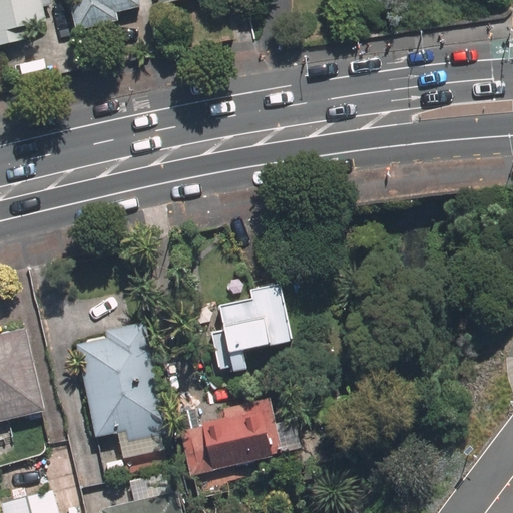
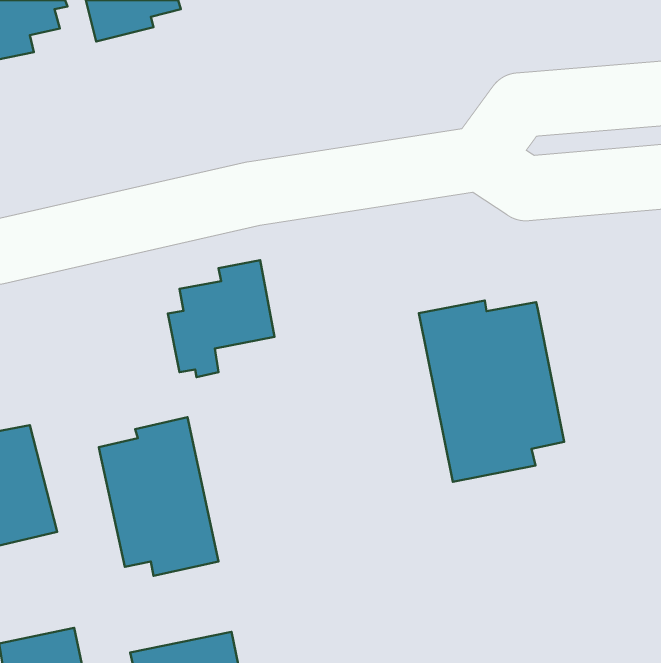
building: none -> [419,300,564,482]
building: [208,284,291,374] -> [168,260,275,377]
building: [178,393,280,473] -> none

